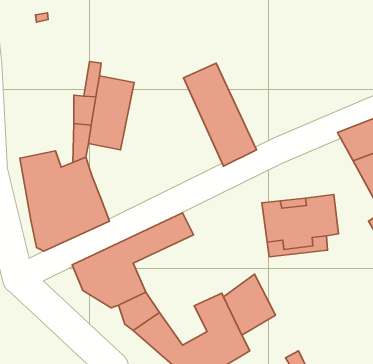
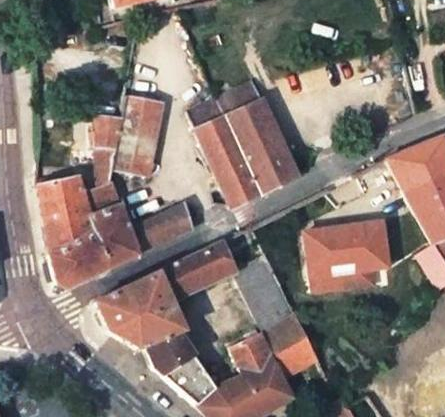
building: none -> [189,97,262,210]
building: none -> [128,205,193,254]
building: none -> [239,261,290,325]

